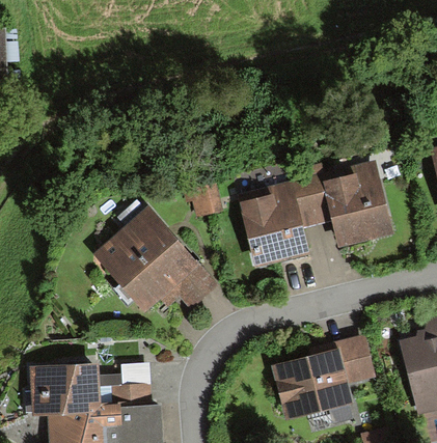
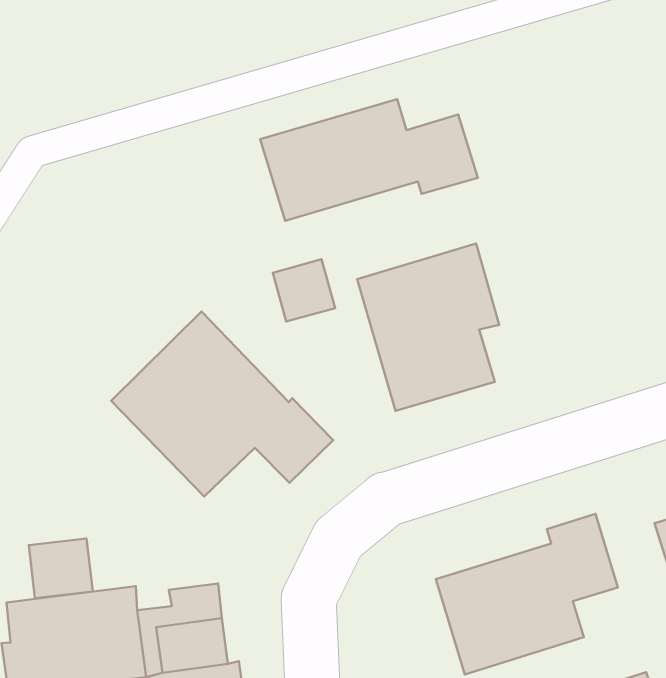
building: none -> [260,99,478,221]
building: [302,160,394,248] -> none
building: none -> [29,539,93,598]

